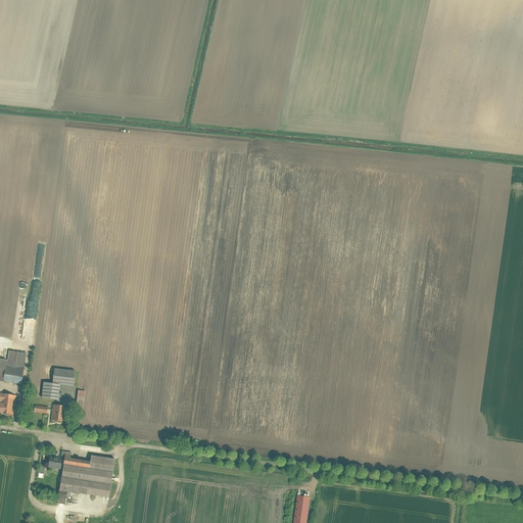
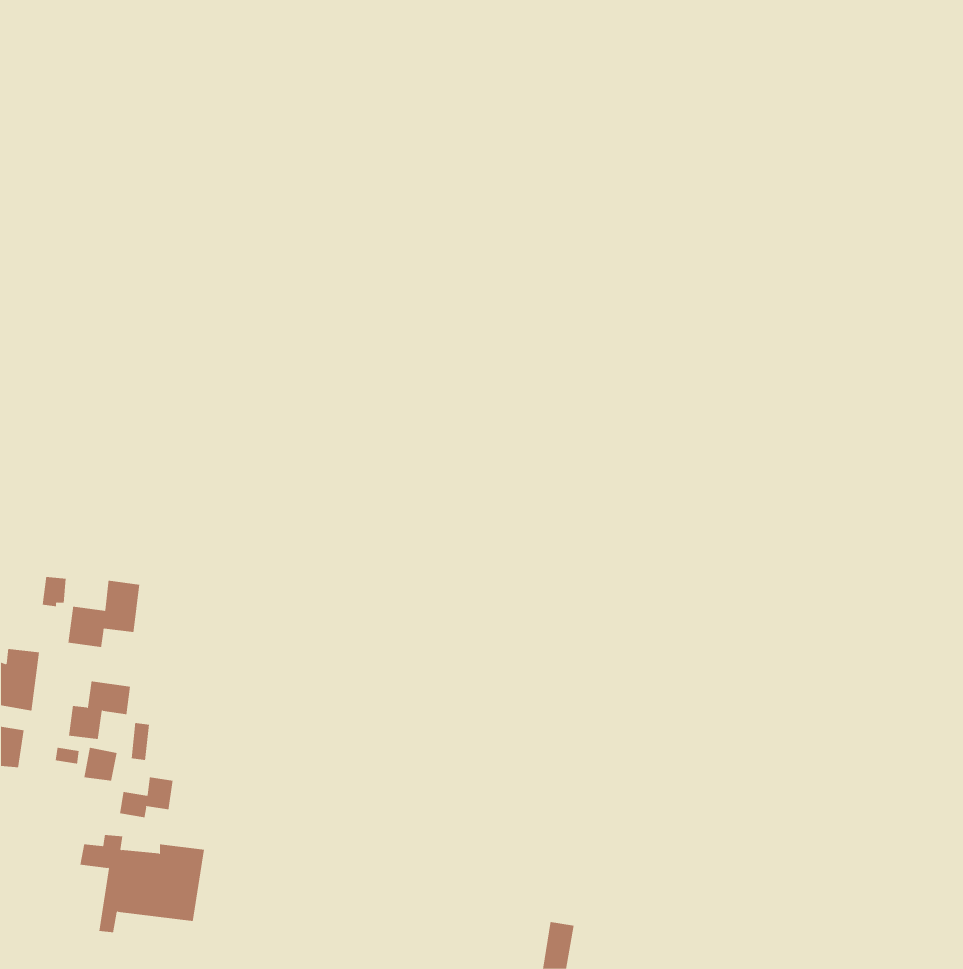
building: none -> [68,580,140,648]
building: none -> [120,777,173,818]

